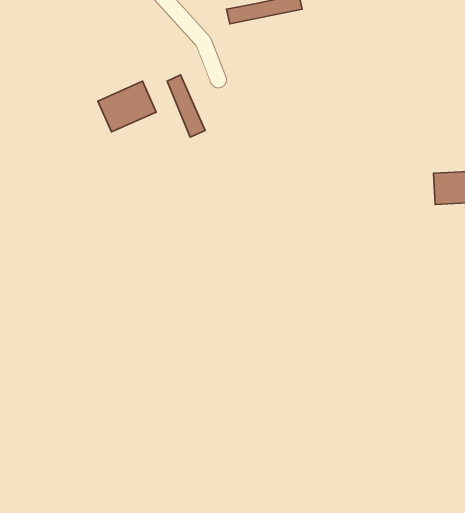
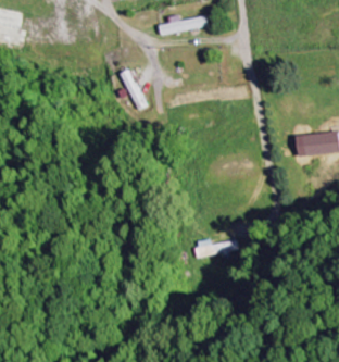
building: [98,81,156,132] -> none
building: none -> [193,239,237,263]

